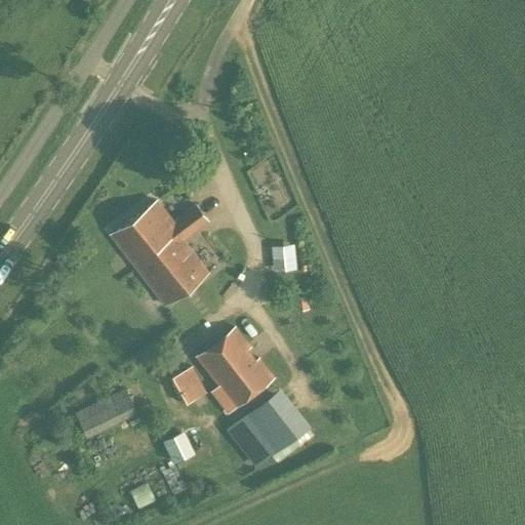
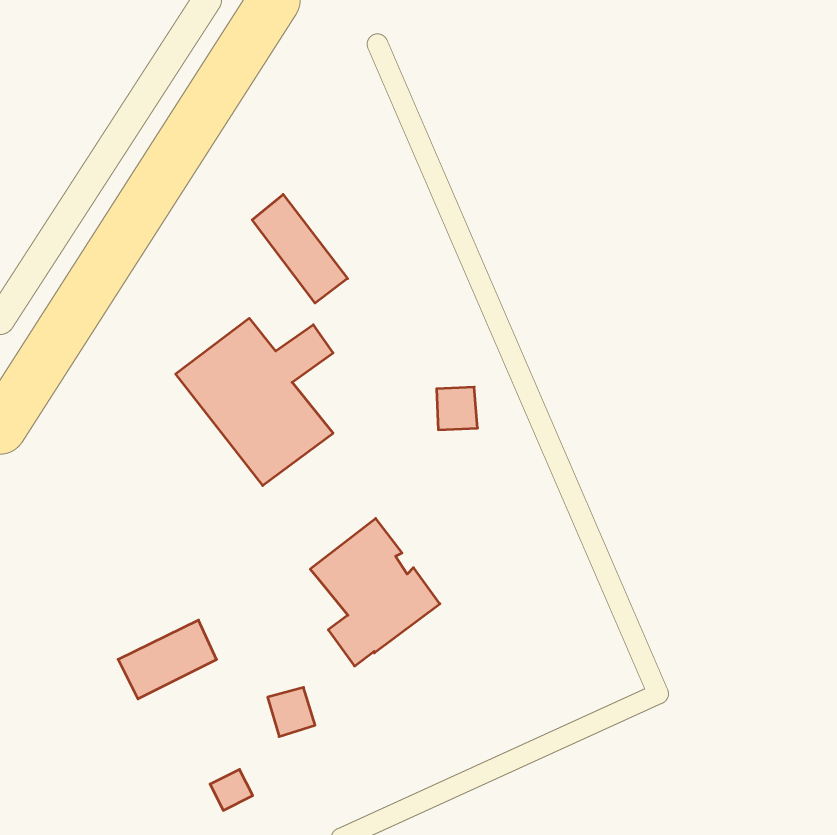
building: none -> [252,194,348,303]
building: [176,365,208,399] -> none
building: [226,393,306,470] -> none

